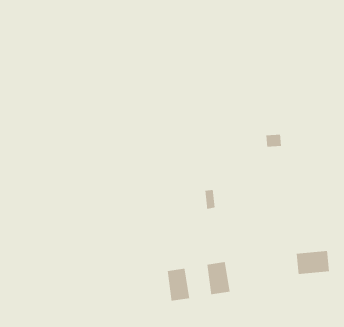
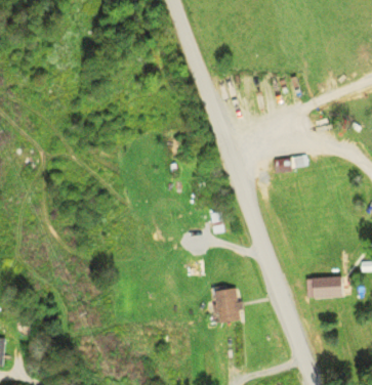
building: [167,268,190,302] -> none

